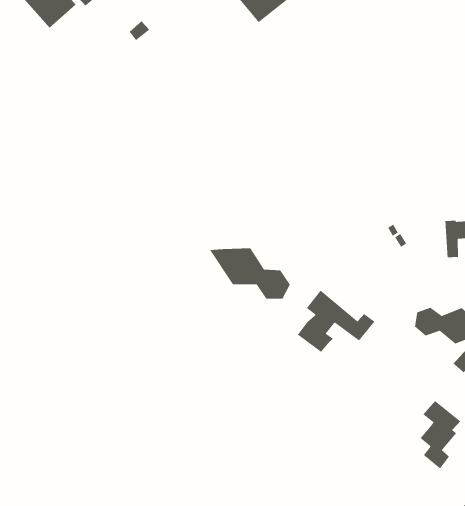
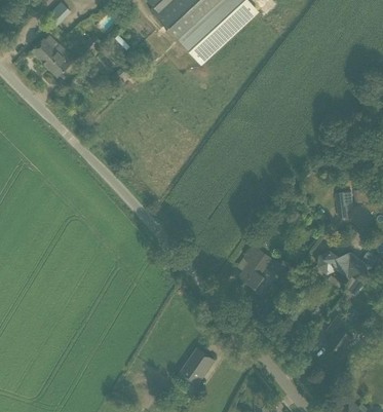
building: [209,248,291,300] -> none
building: none -> [180,346,215,381]

